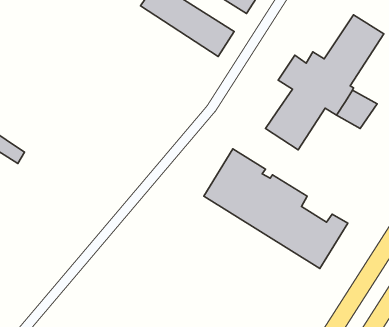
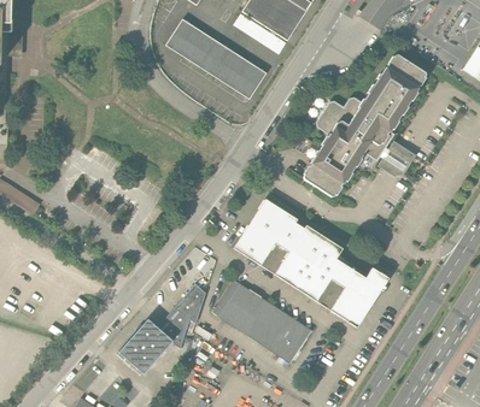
building: none -> [211,279,314,362]
building: none -> [119,284,205,374]

